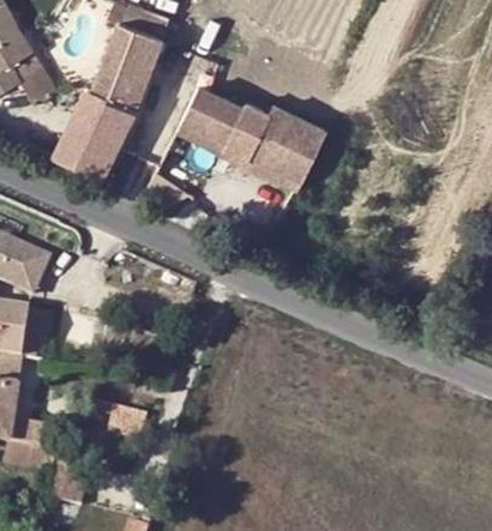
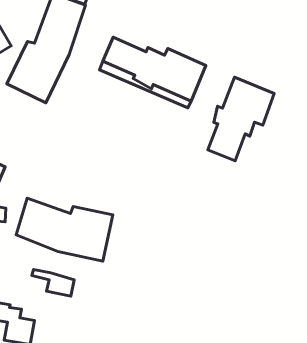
building: none -> [208,77,274,161]
building: none -> [16,198,113,261]

